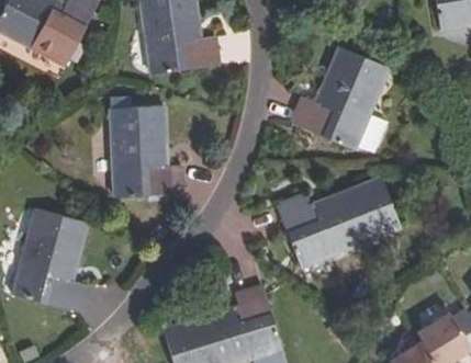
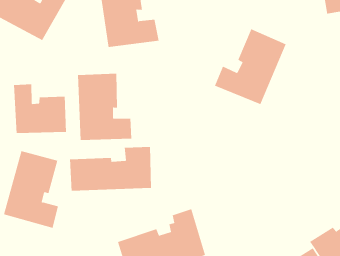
building: none -> [14,83,66,134]
building: [276,178,399,266] -> none
building: none -> [69,146,151,191]

